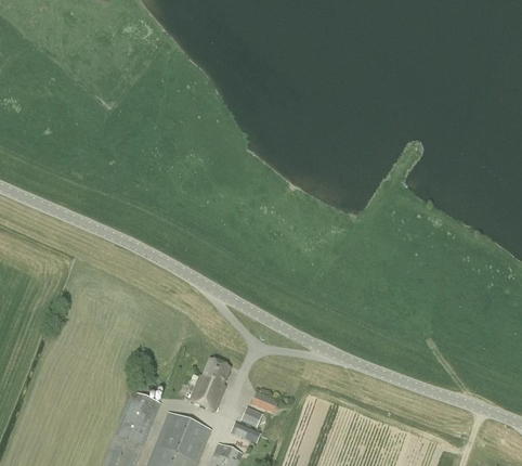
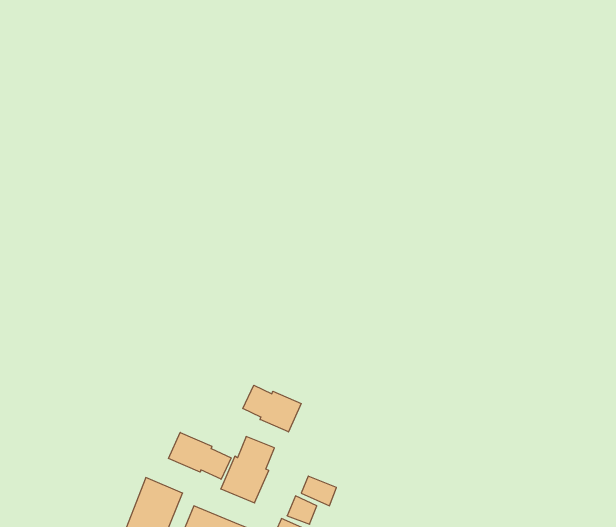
building: none -> [243,385,301,432]
building: none -> [168,432,231,479]

